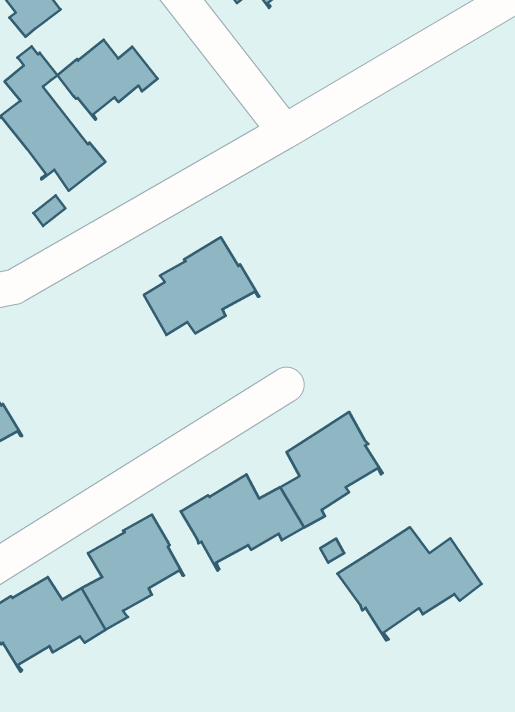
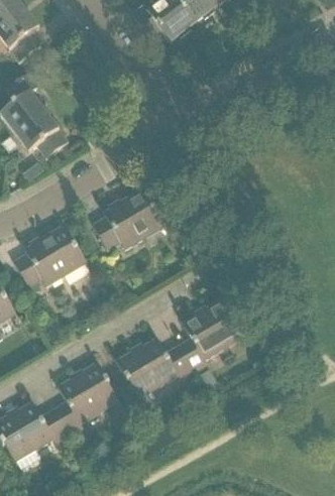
building: [57,40,158,120] -> none
building: none -> [13,225,87,286]
building: [337,527,482,640] -> none

